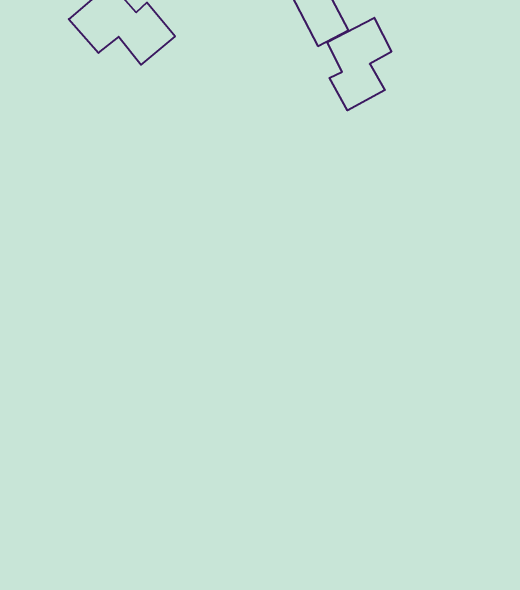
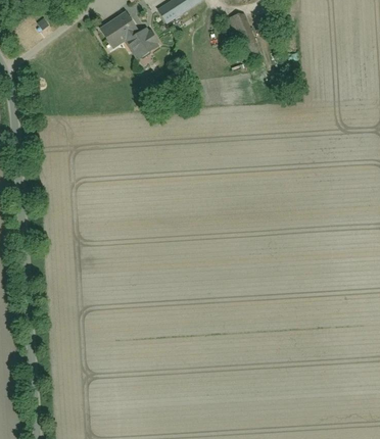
building: [327,18,391,110] -> none

